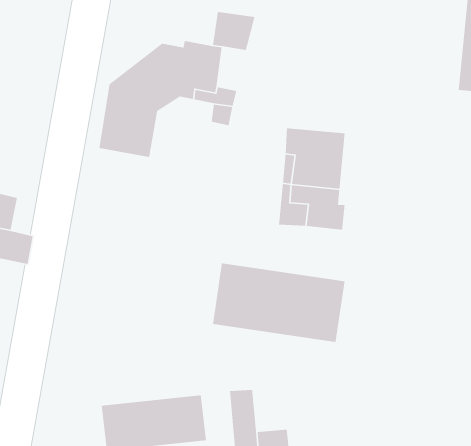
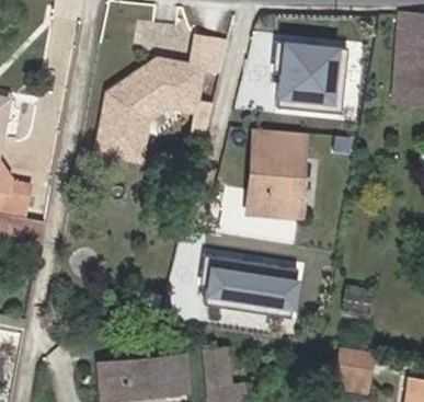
building: none -> [271,34,343,108]
building: none -> [333,346,374,383]

